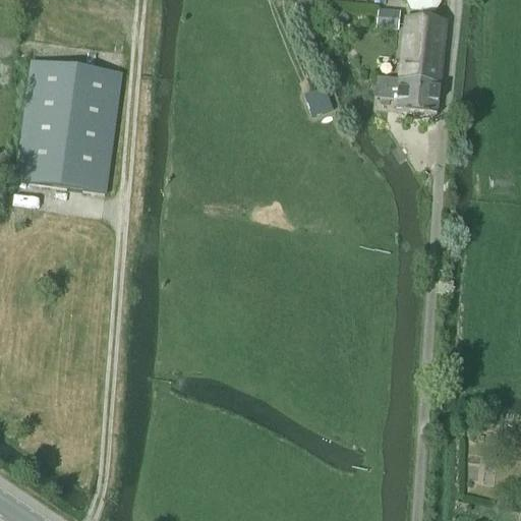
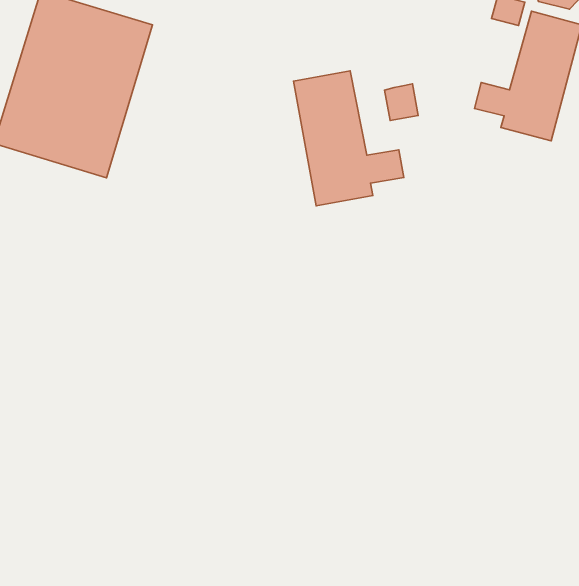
building: none -> [294,71,404,206]

